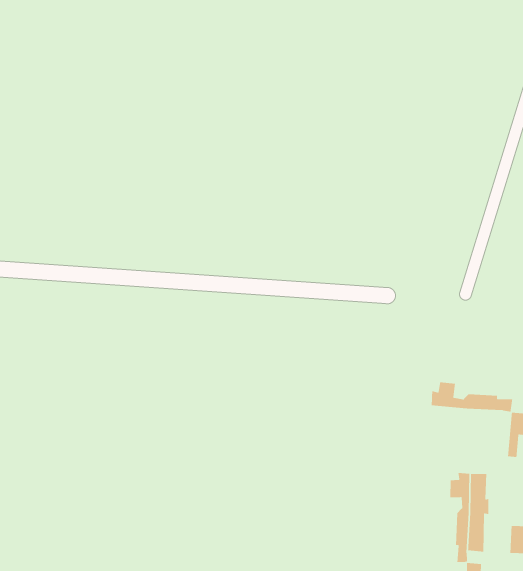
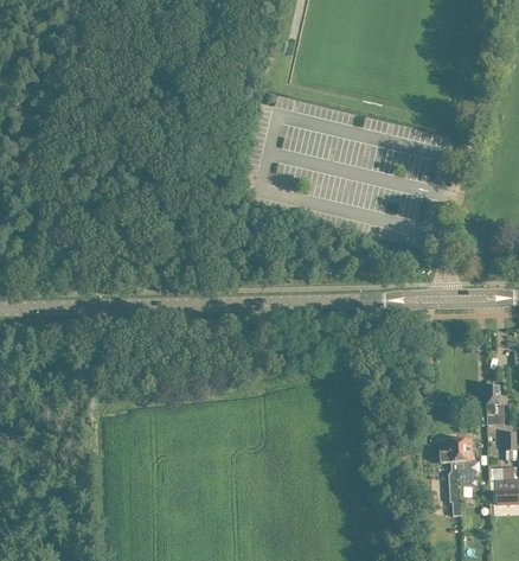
building: [431,381,513,412] -> none

